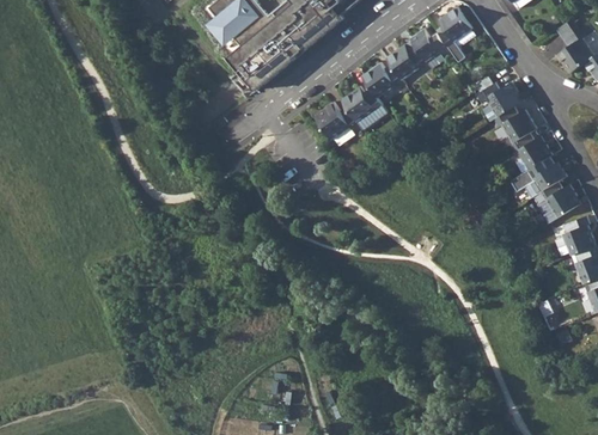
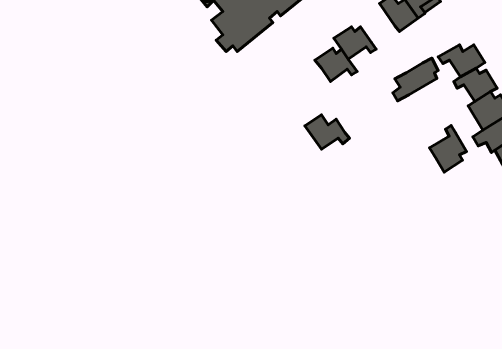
building: [386,39,432,80] -> none
building: none -> [393,58,438,101]
building: [315,103,362,140] -> [305,115,349,149]
building: none -> [430,125,466,172]

